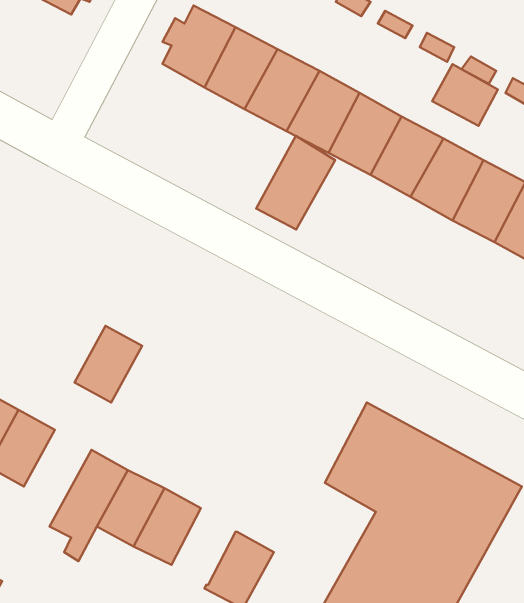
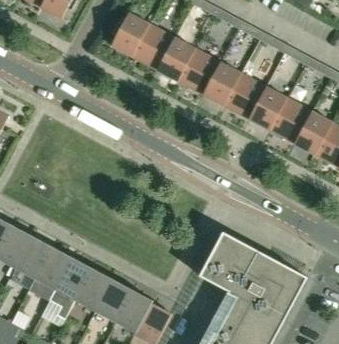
building: [432,64,498,126] -> none
building: [256,136,335,229] -> none
building: [75,326,142,402] -> [34,246,71,288]
building: none -> [115,289,152,331]

